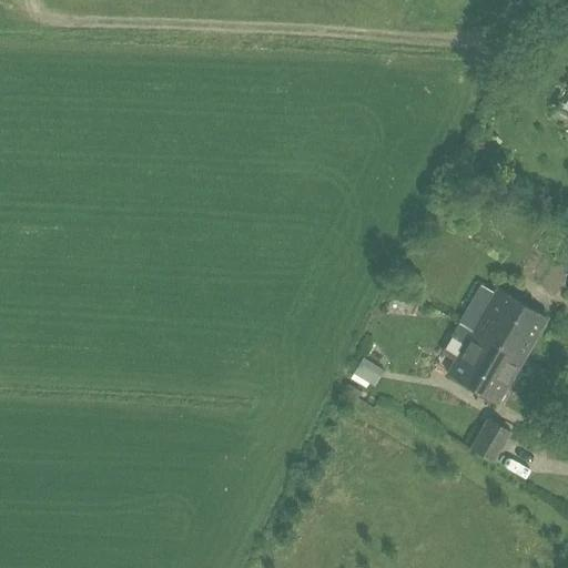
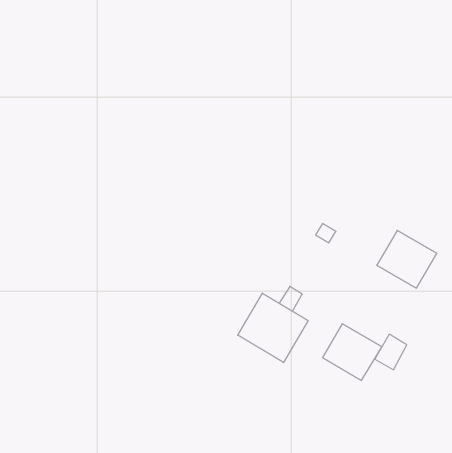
building: [447,332,521,403] -> [323,324,382,380]
building: none -> [238,293,308,363]

